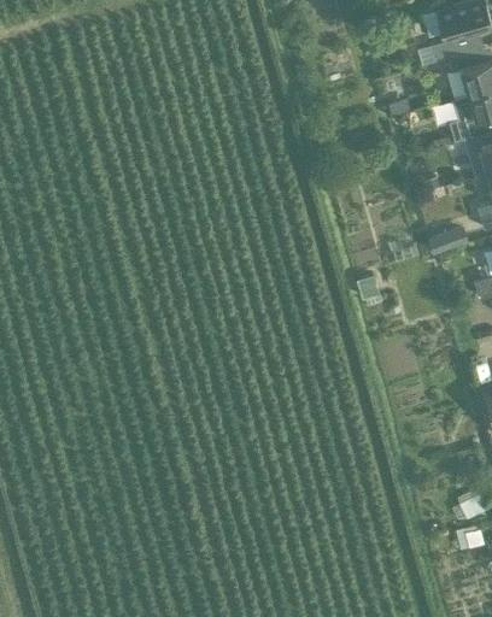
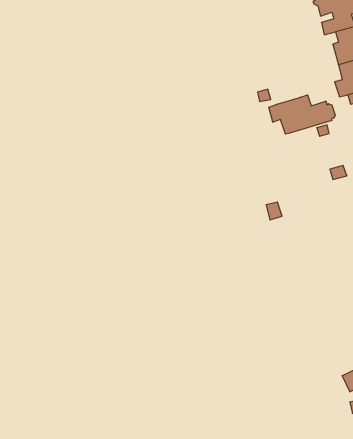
building: none -> [269,95,335,134]

